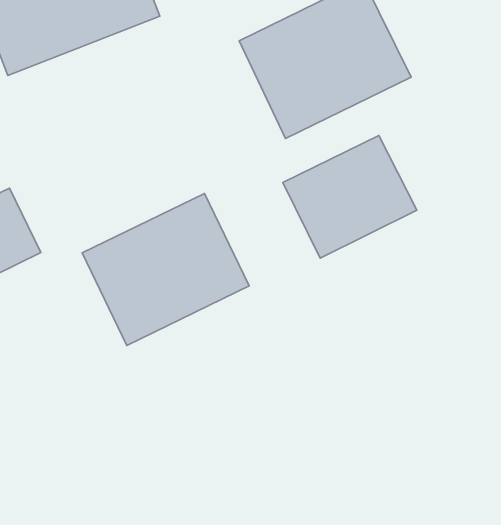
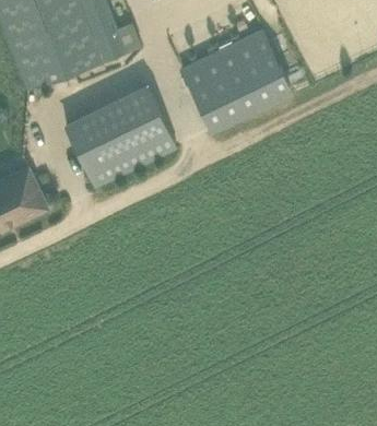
building: [283,135,417,258] -> none
building: [82,193,249,346] -> [66,85,176,186]

